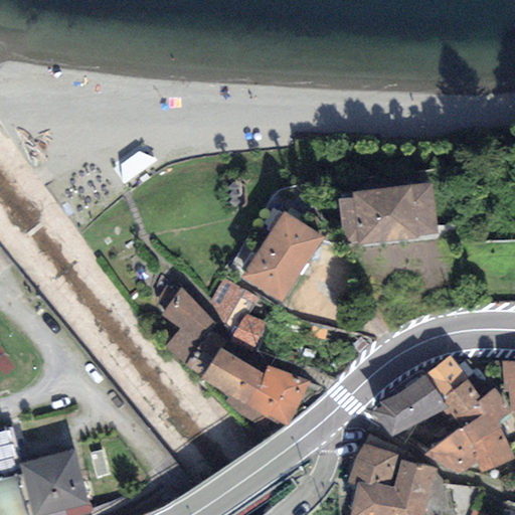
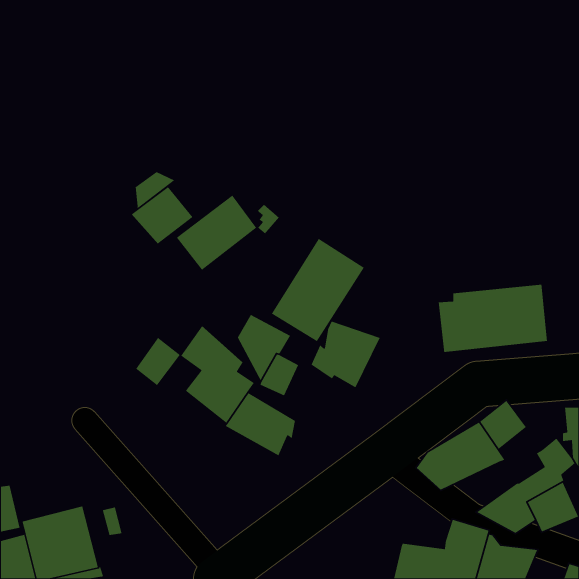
building: none -> [131,186,194,244]
building: none -> [176,194,257,271]
building: [339,183,437,244] -> [438,284,548,353]
building: none -> [135,337,181,386]
building: [247,366,310,426] -> [311,321,381,389]
building: [443,379,483,428] -> none
building: [346,444,398,487] -> none

